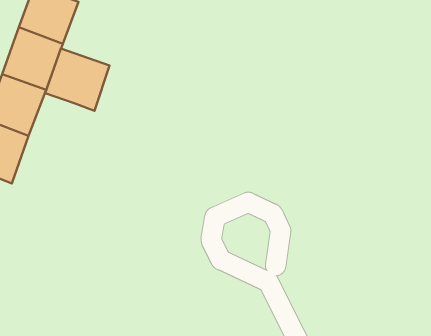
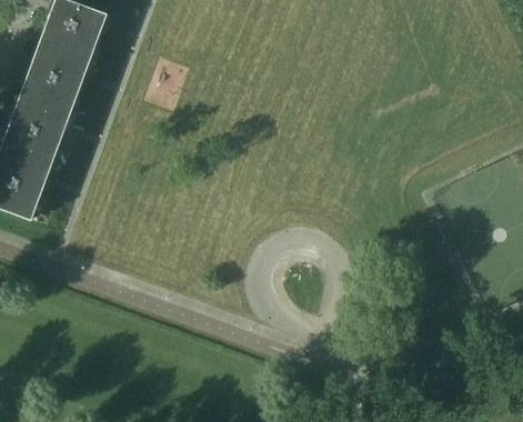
building: [45,49,110,111] -> none

